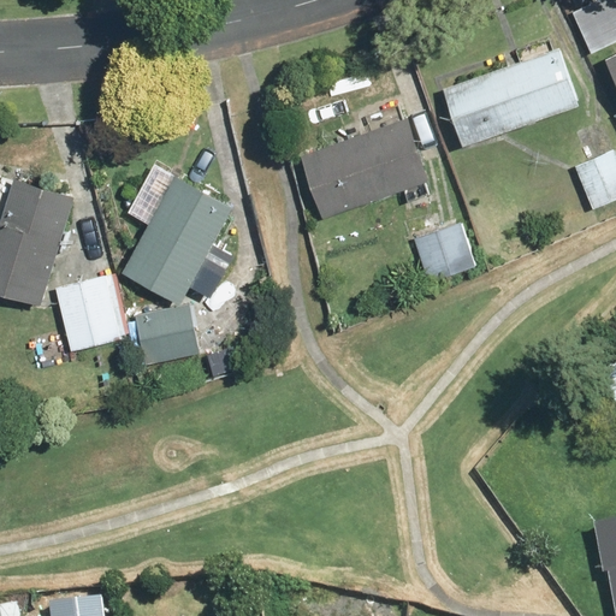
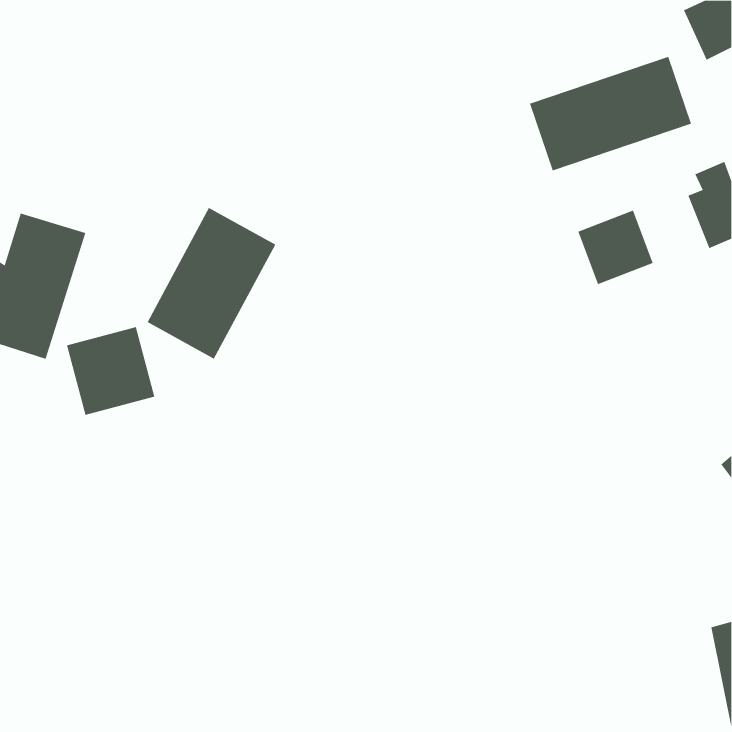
building: [298,116,432,219] -> none
building: [411,220,475,283] -> [577,210,654,285]
building: [136,303,202,363] -> none

